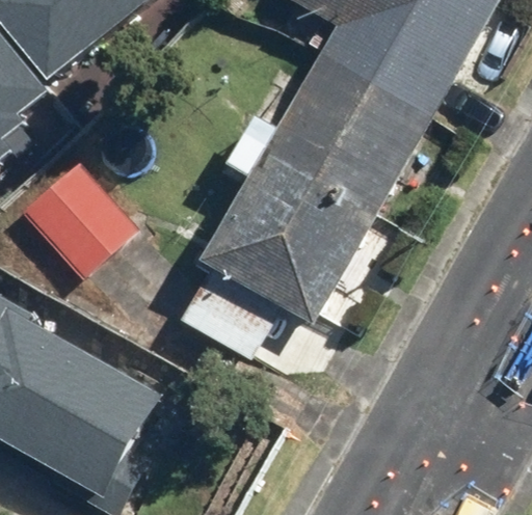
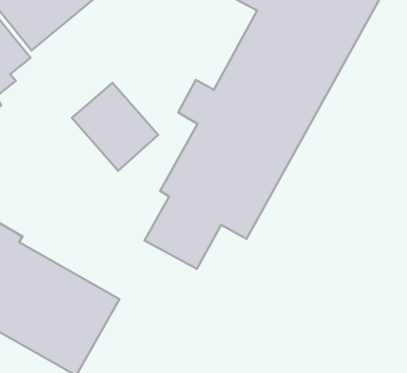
building: [27,164,137,276] -> [72,83,158,171]

